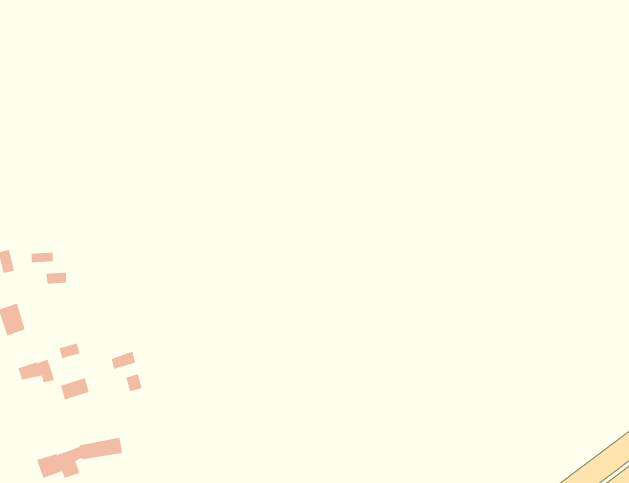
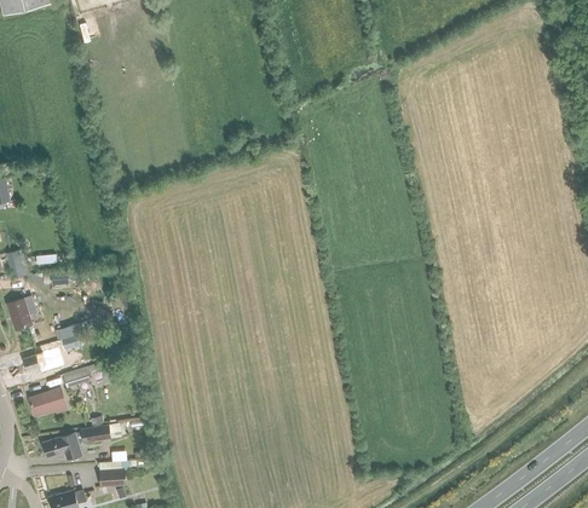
building: none -> [29,387,67,415]

